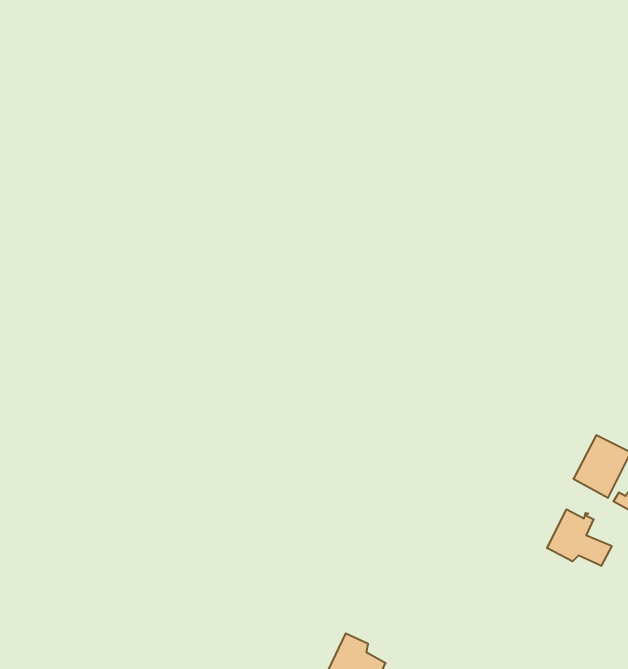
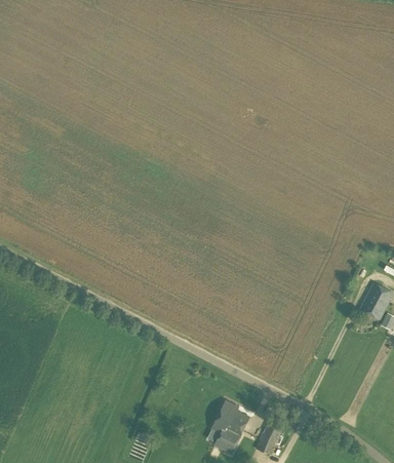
building: [547,509,612,566] -> none

